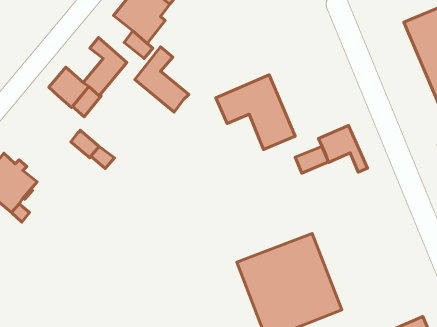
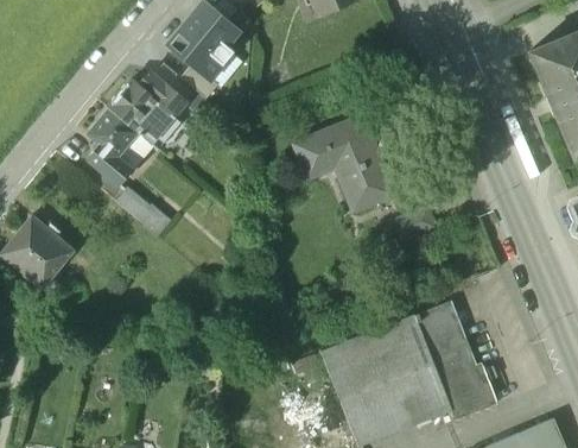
building: none -> [109,78,155,126]
building: [135,47,189,112] -> none
building: none -> [88,143,132,184]
building: [318,126,368,172] -> none
building: none -> [415,299,498,418]

